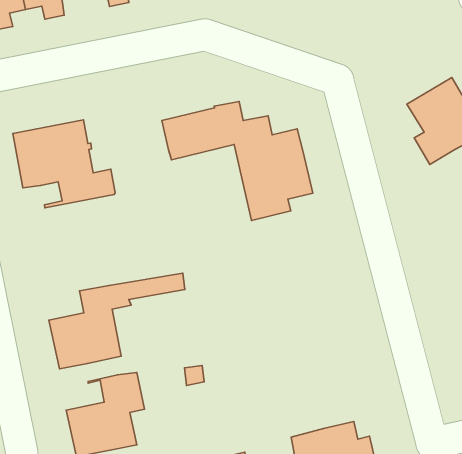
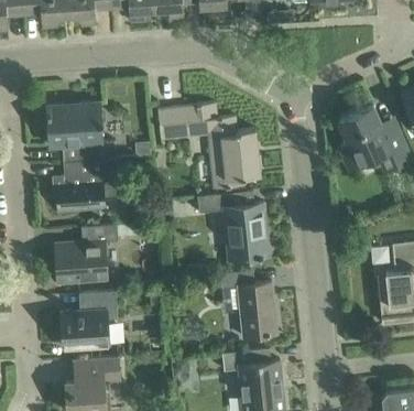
building: none -> [55,159,118,212]
building: none -> [197,193,269,259]
building: none -> [211,270,277,337]

